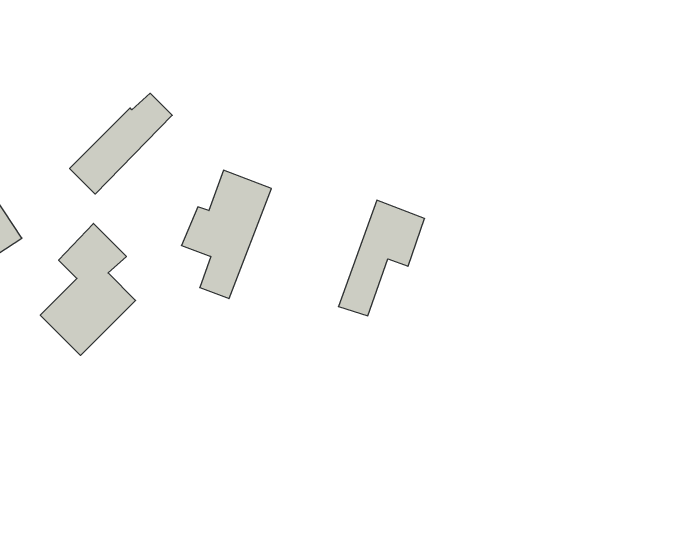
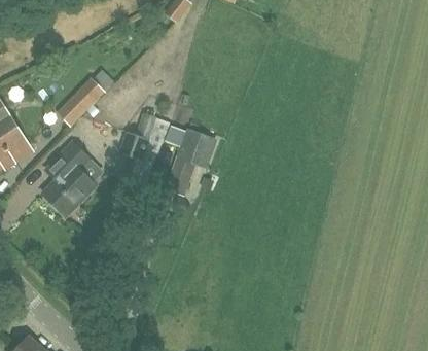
building: [338,200,425,316] -> [166,130,214,195]

